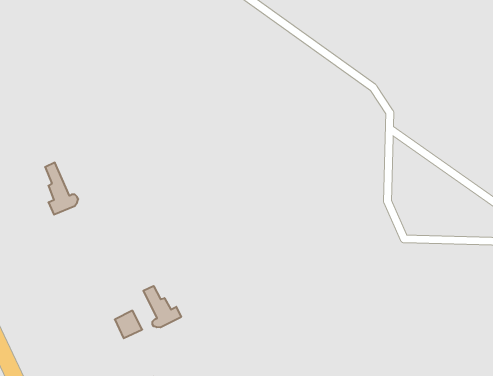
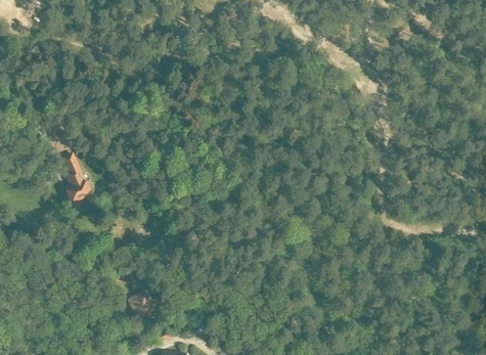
building: [143,286,181,327] -> none

